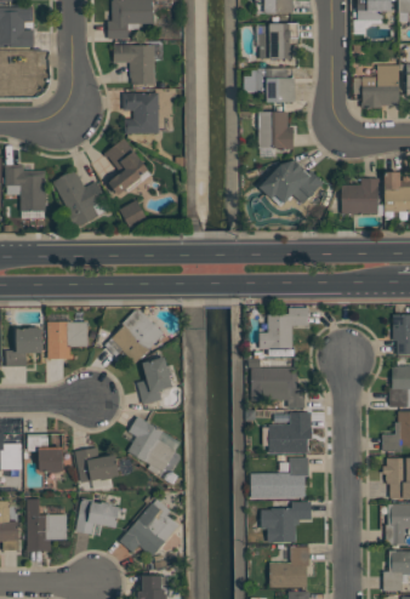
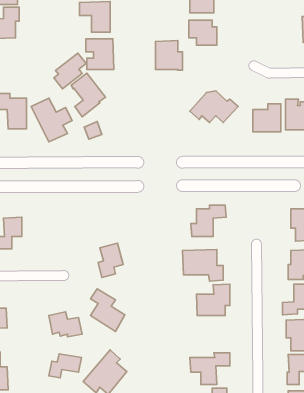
building: [361,64,400,107] -> none
building: [260,110,295,149] -> [156,41,183,70]
building: none -> [54,53,86,89]
building: [103,310,161,361] -> none
building: [47,323,86,358] -> none
building: [27,434,63,472] -> none
building: [252,457,308,498] -> none
building: [29,498,69,549] -> none

